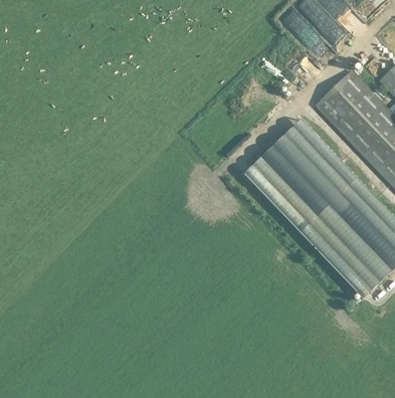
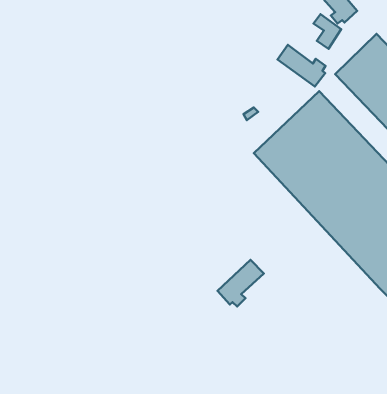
building: none -> [278,45,325,86]
building: none -> [218,260,264,306]

